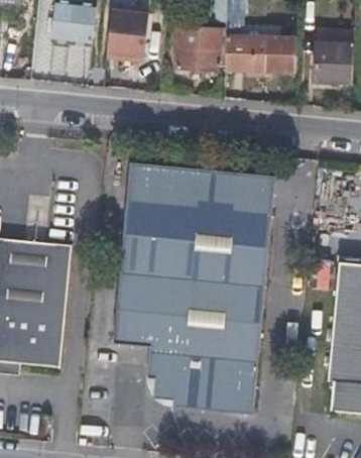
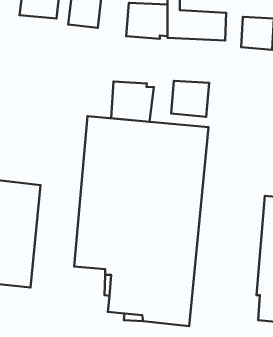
building: none -> [171,81,209,117]
building: none -> [111,82,154,122]

